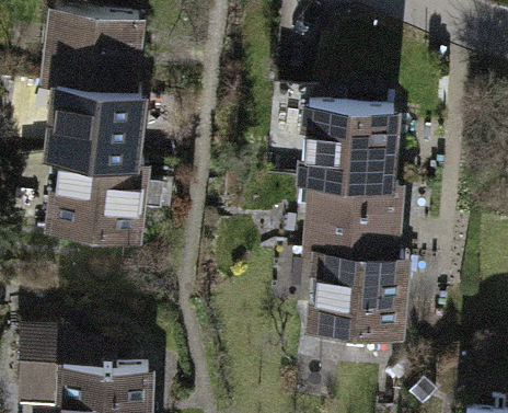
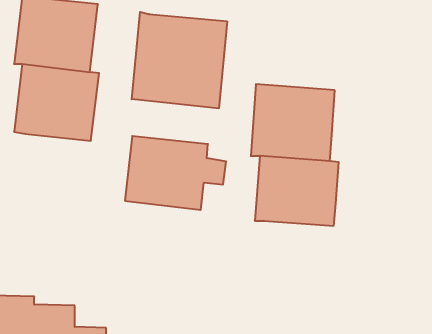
building: none -> [132,12,227,108]
building: [51,162,161,242] -> [125,136,226,210]
building: [312,256,407,339] -> none

